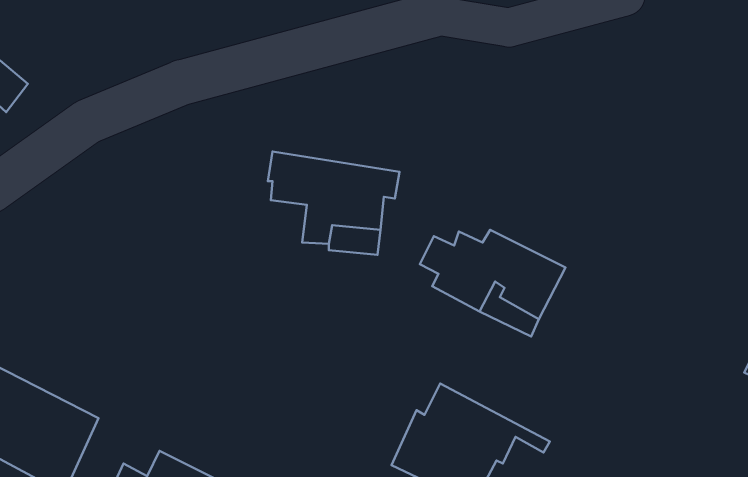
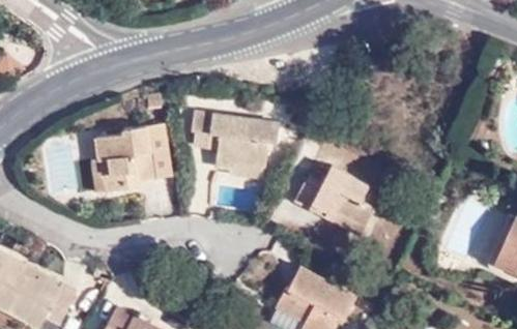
building: none -> [85,127,164,195]

